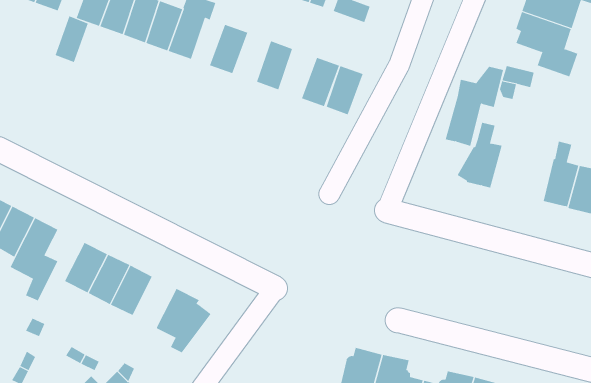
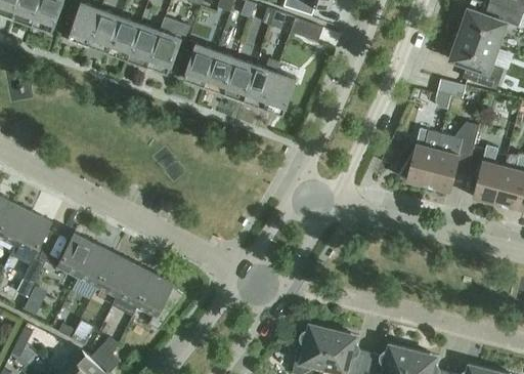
building: [55,16,88,63] -> none
building: none -> [204,50,236,93]
building: [326,65,364,115] -> [244,65,276,108]
building: [445,66,504,146] -> [428,122,479,192]
building: none -> [112,262,155,316]

